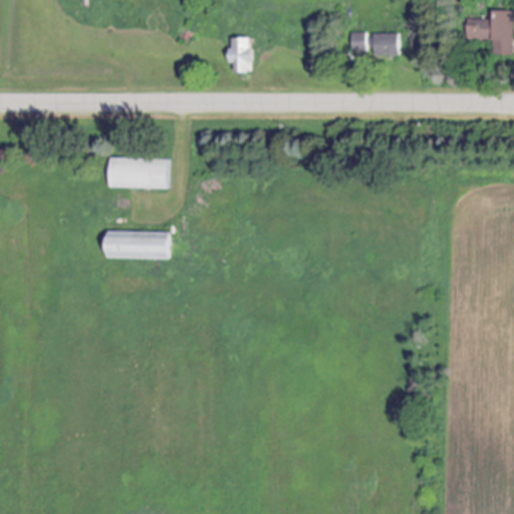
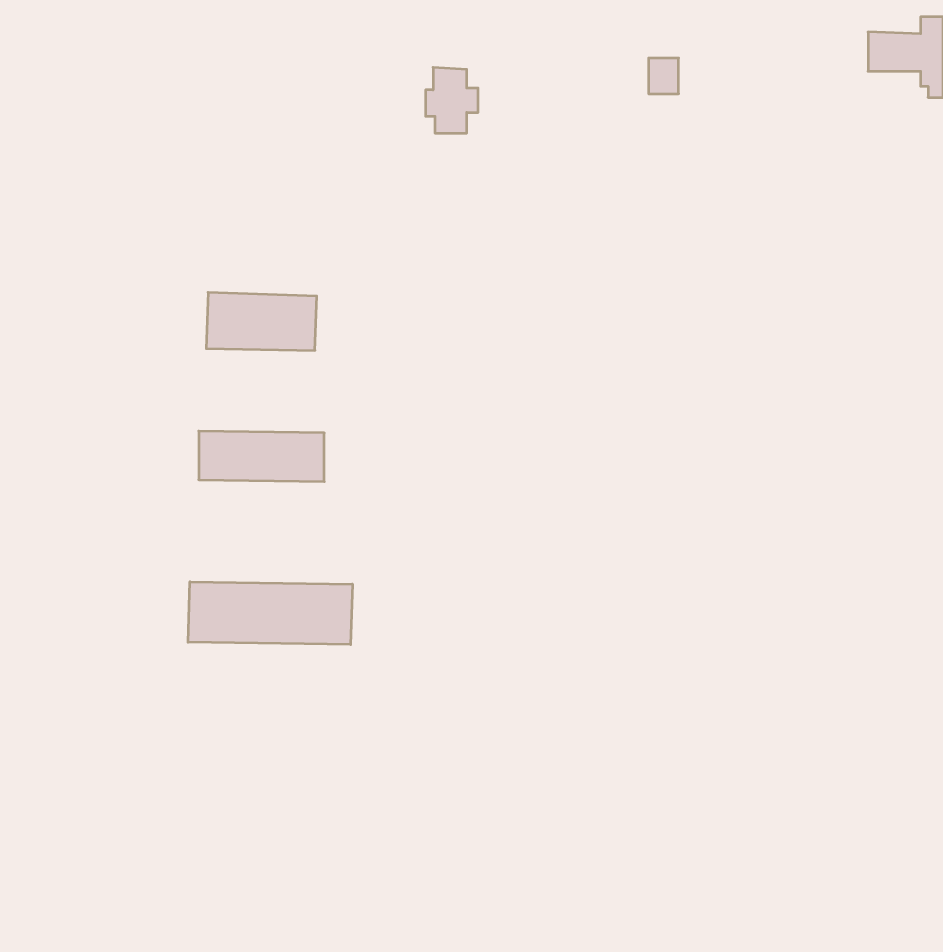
building: [370,32,400,54] -> none
building: none -> [188,582,352,645]

